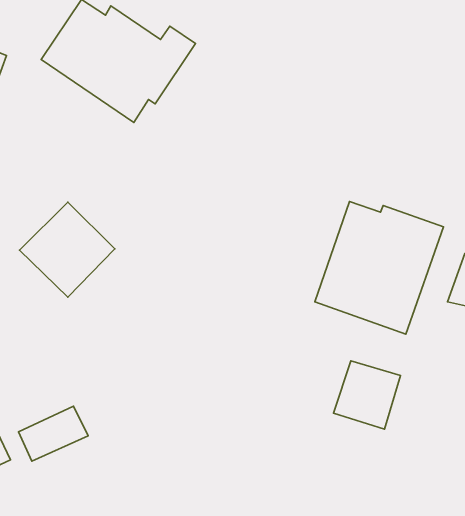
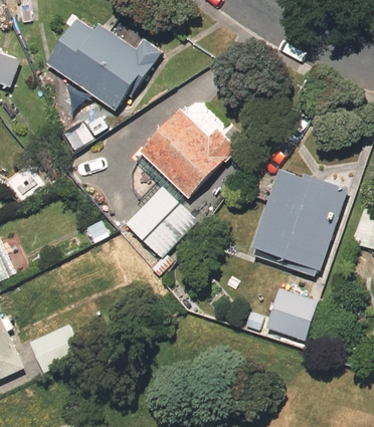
building: none -> [141,110,235,197]
building: [20,202,115,297] -> [125,188,196,259]

